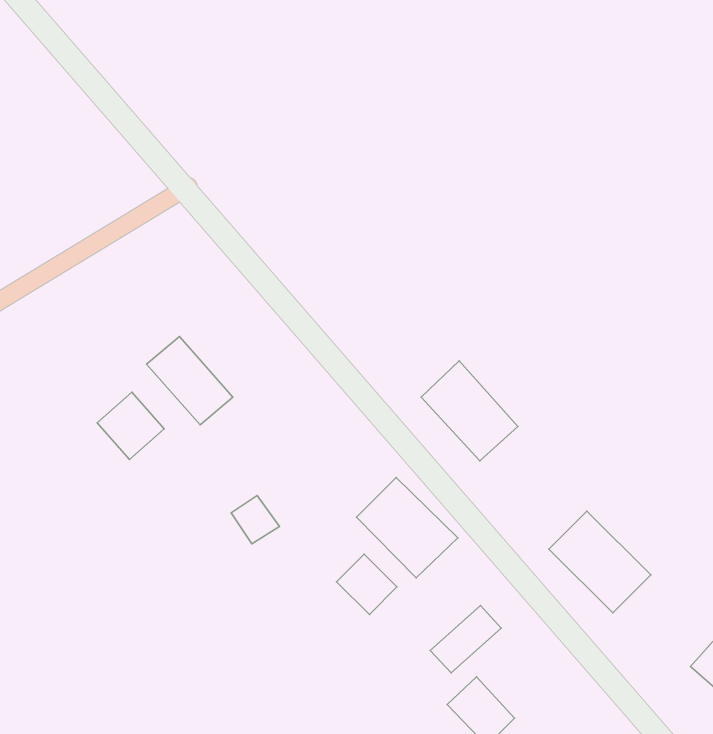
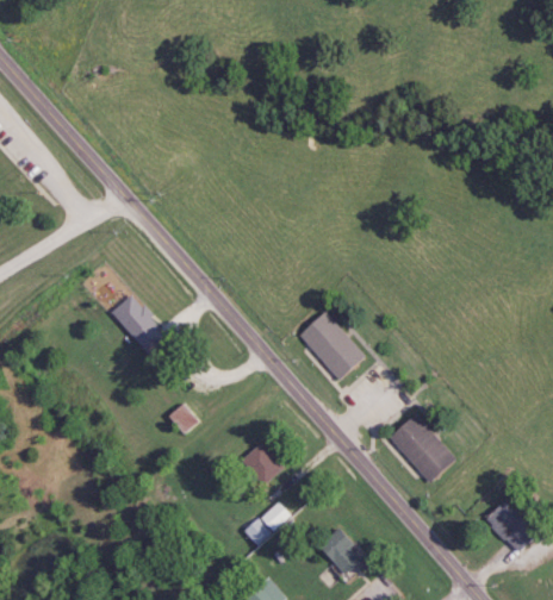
building: [97,392,164,460] -> none
building: [356,477,458,578] -> none
building: [430,606,501,673] -> [244,500,293,546]

